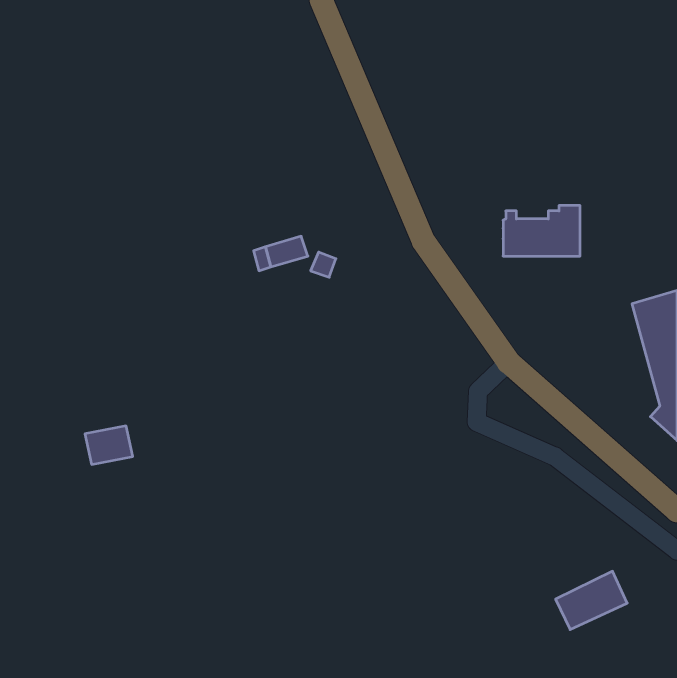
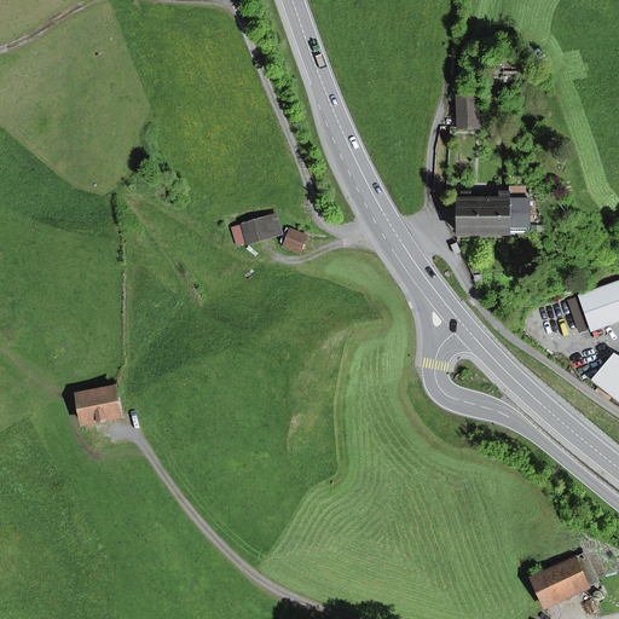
building: none -> [456,94,478,128]
building: [556,571,627,630] -> [531,554,596,607]

